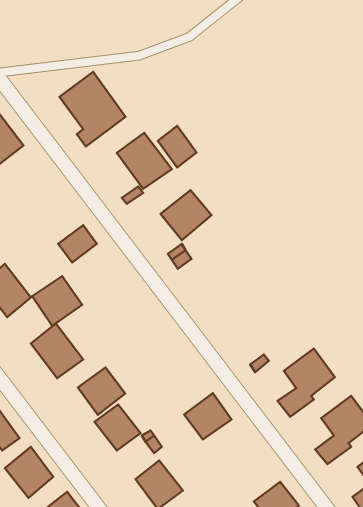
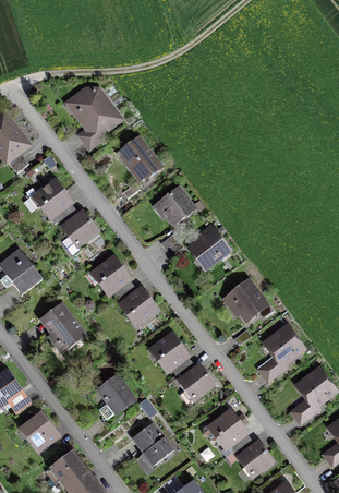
building: [158,126,197,168] -> none
building: none -> [32,178,73,220]
building: none -> [185,225,233,272]
building: [32,276,82,326] -> [88,253,132,297]
building: none -> [223,277,271,325]
building: none -> [148,330,191,374]
building: [78,367,125,415] -> [118,286,159,327]
building: none -> [211,413,250,450]

